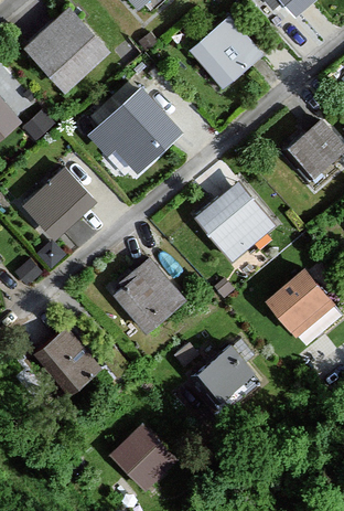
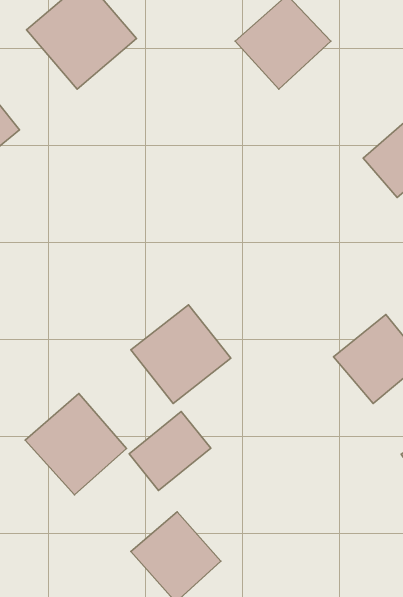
building: [96,86,185,173] -> none
building: [23,170,94,241] -> none
building: [192,180,276,263] -> none
building: [190,345,254,407] -> [129,412,211,491]

